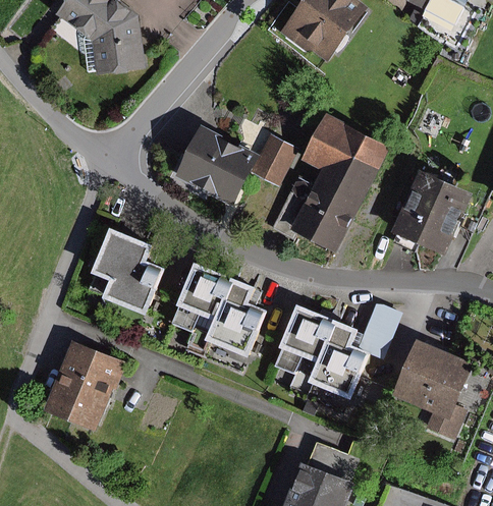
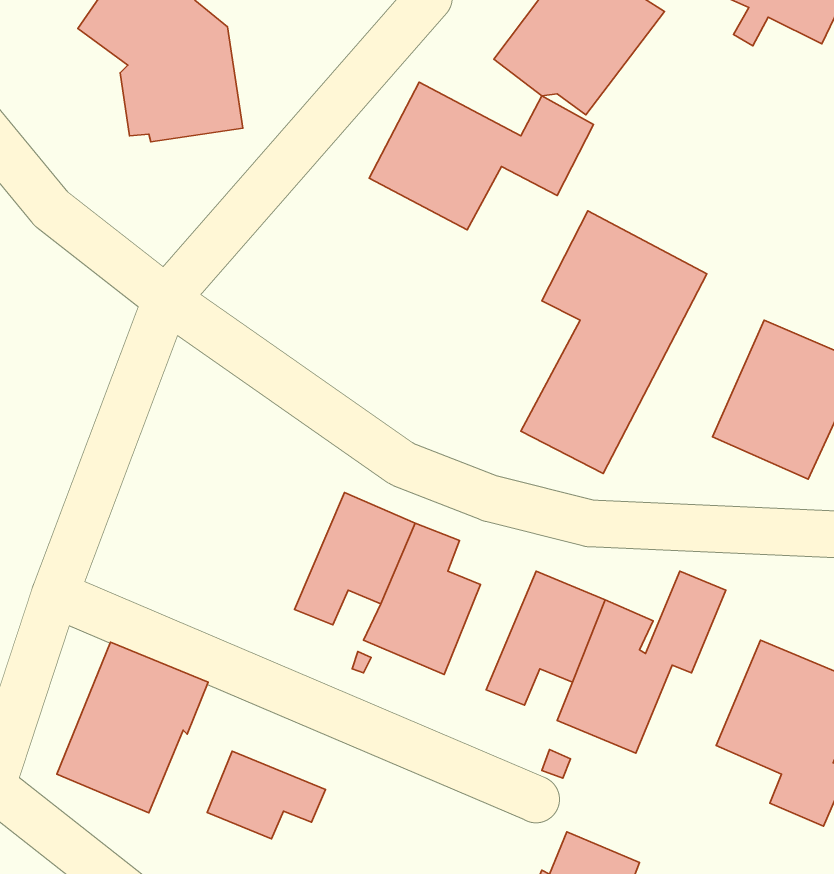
building: [172,126,291,205] -> [369,82,594,230]
building: [94,227,166,316] -> none
building: none -> [207,751,326,839]

